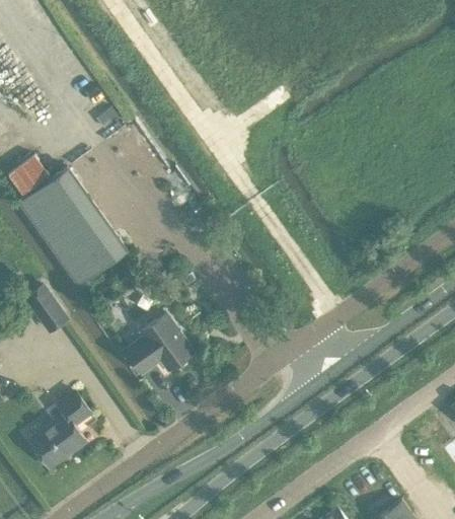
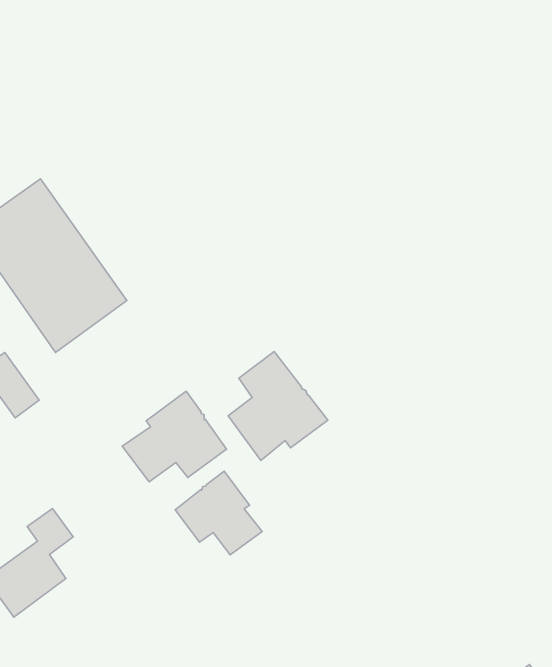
building: none -> [228,351,328,460]
building: none -> [175,471,262,555]

